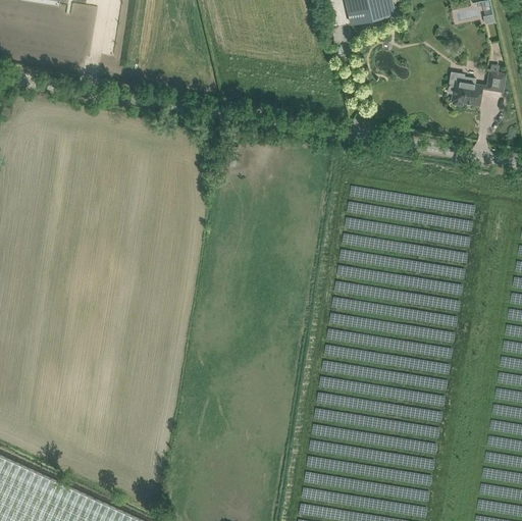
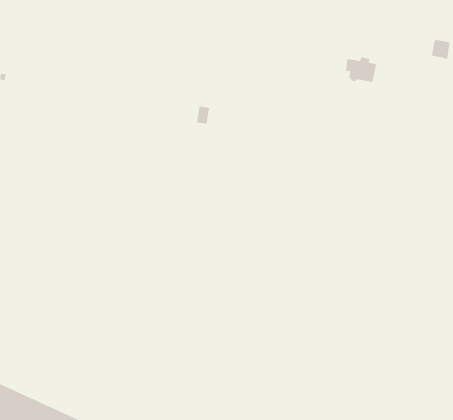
building: [447,79,482,107] -> [345,57,377,83]

